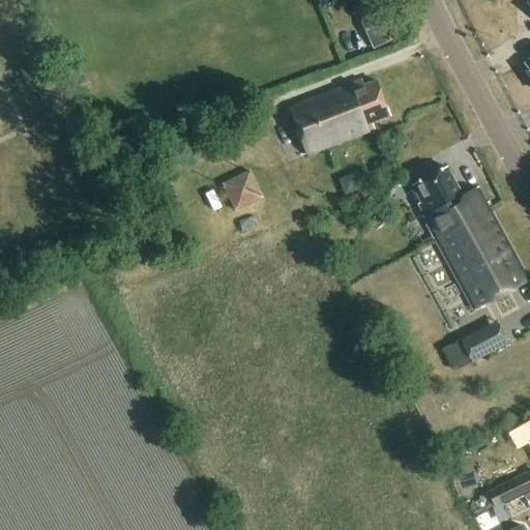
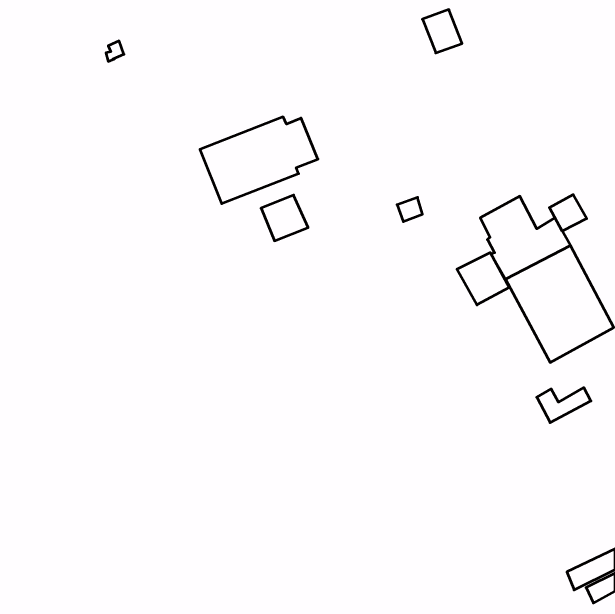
building: [289,80,390,154] -> [200,117,318,204]
building: none -> [549,195,587,231]
building: none -> [457,253,509,305]

